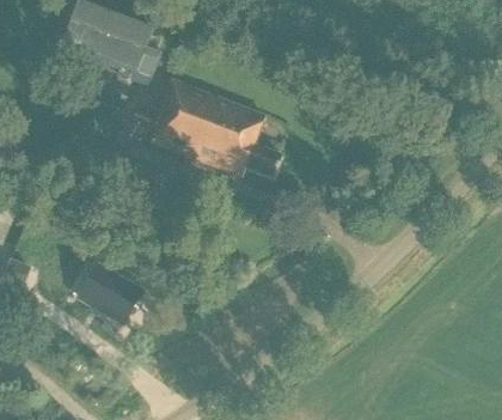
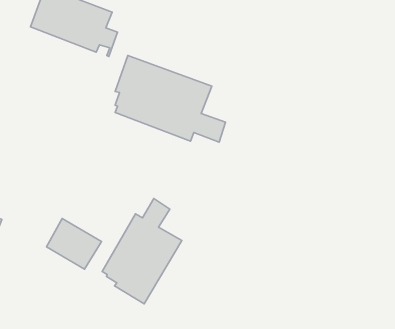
building: none -> [102,199,182,304]

